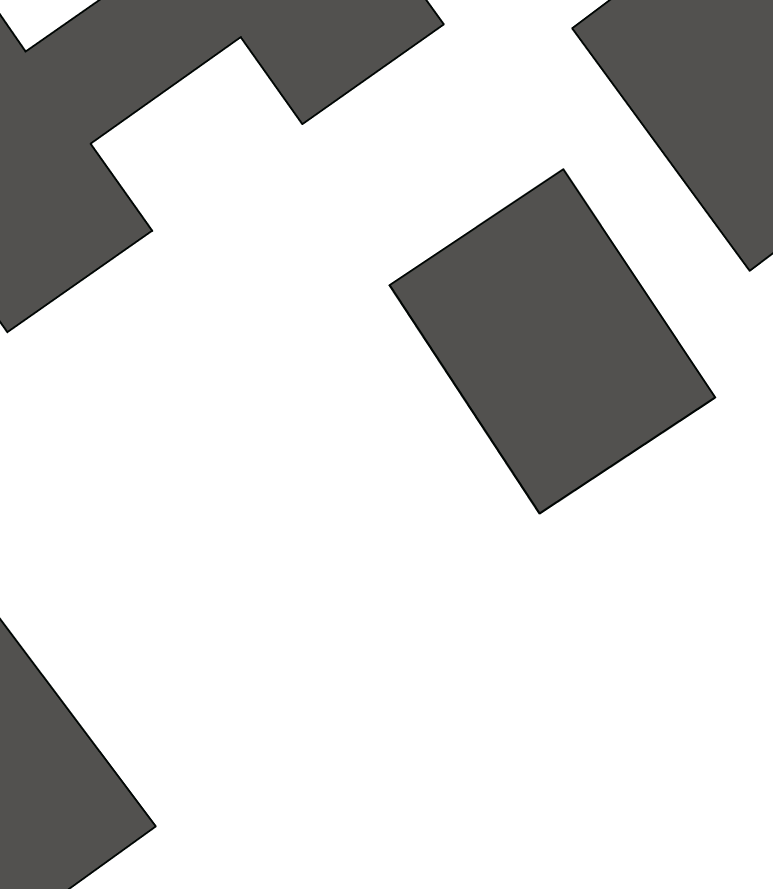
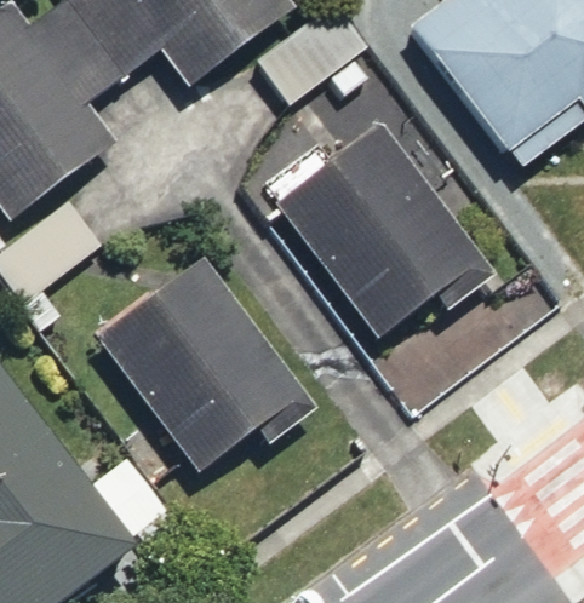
building: none -> [96,255,304,476]

